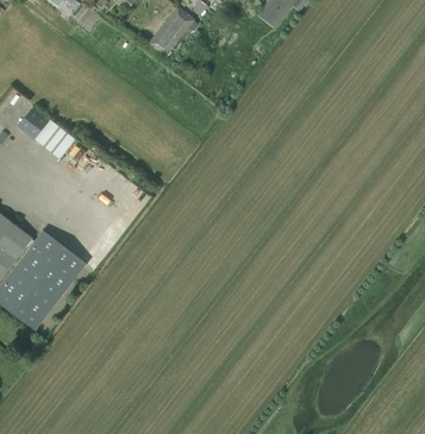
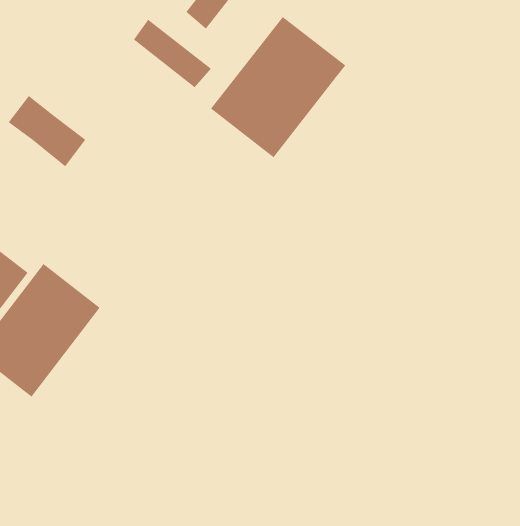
building: none -> [210,16,346,158]
building: none -> [133,19,212,88]

